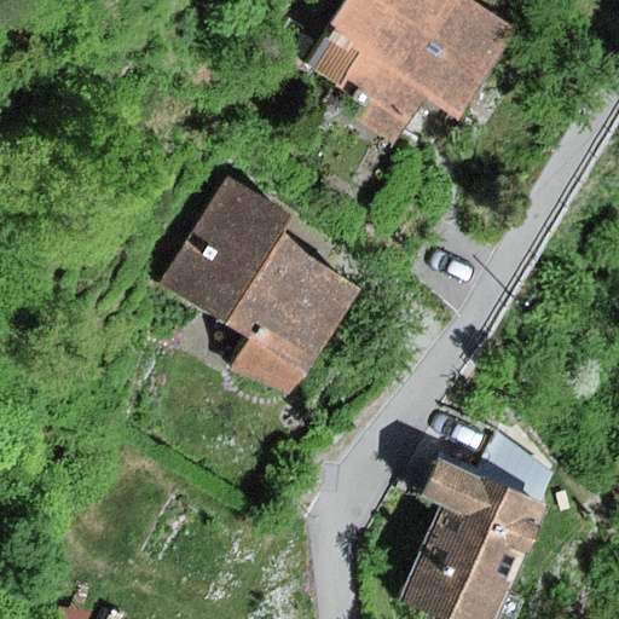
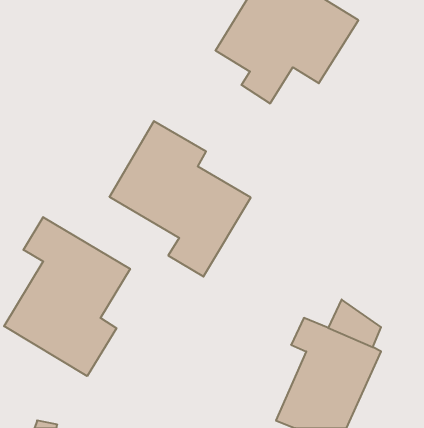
building: none -> [4,217,130,376]

